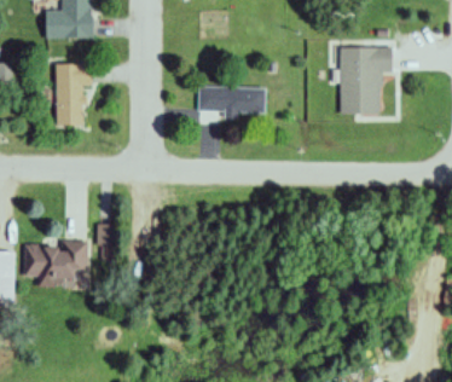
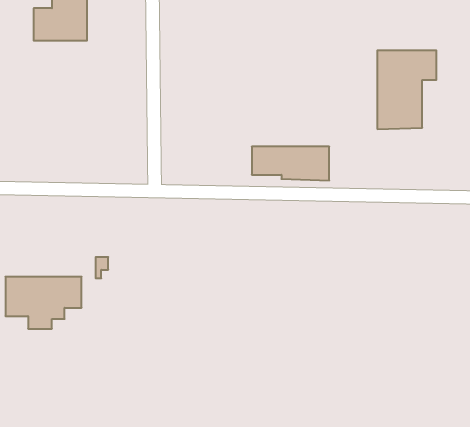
building: [56,63,92,125] -> none
building: [199,87,266,116] -> [252,147,329,180]

